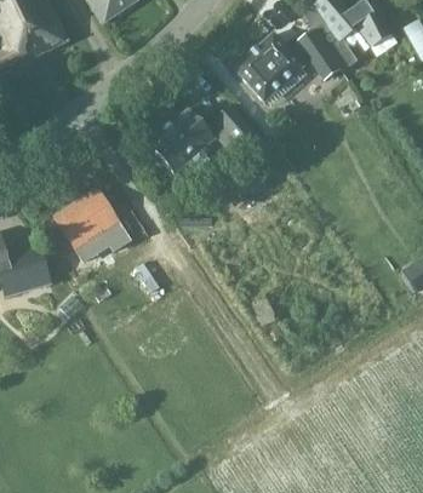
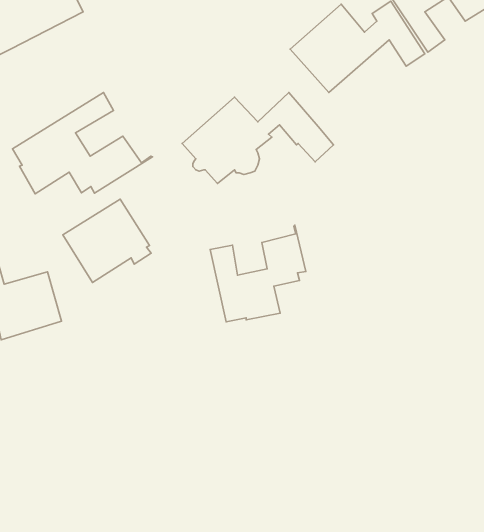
building: none -> [13,92,153,194]
building: none -> [210,225,306,322]

